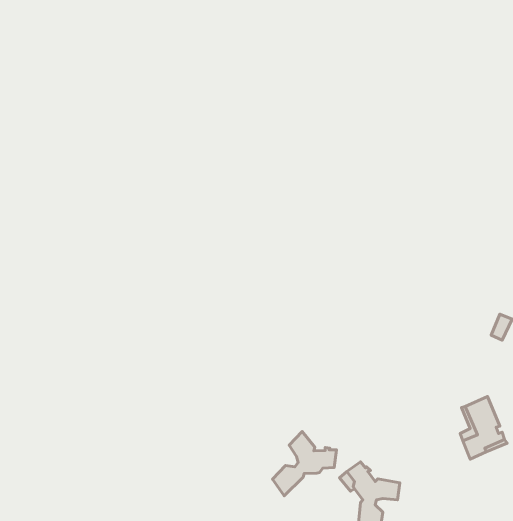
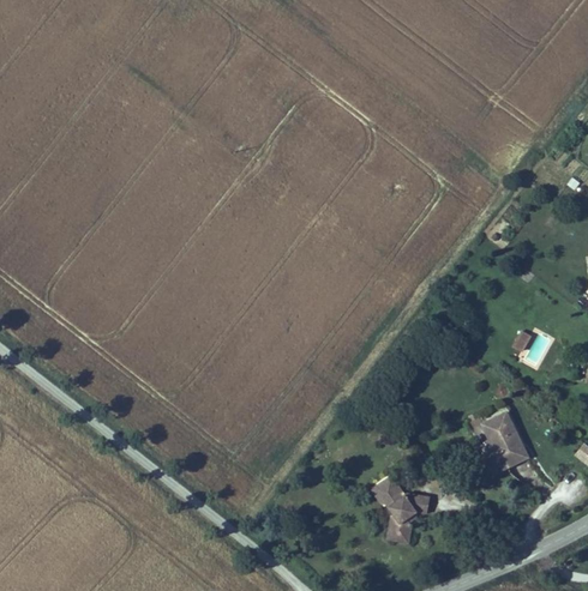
building: [272,432,336,496] -> none

